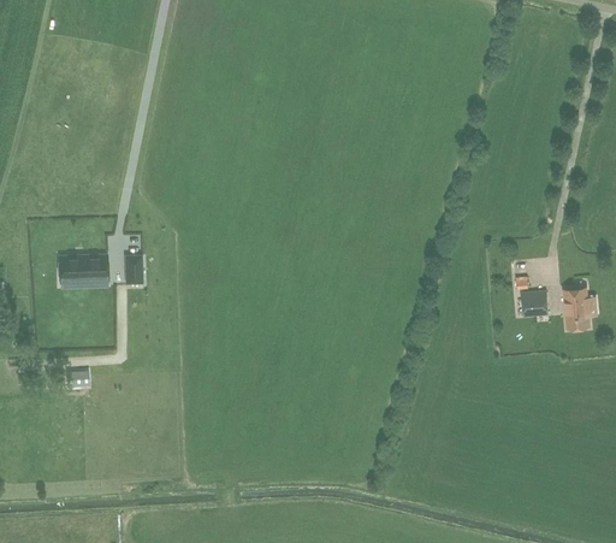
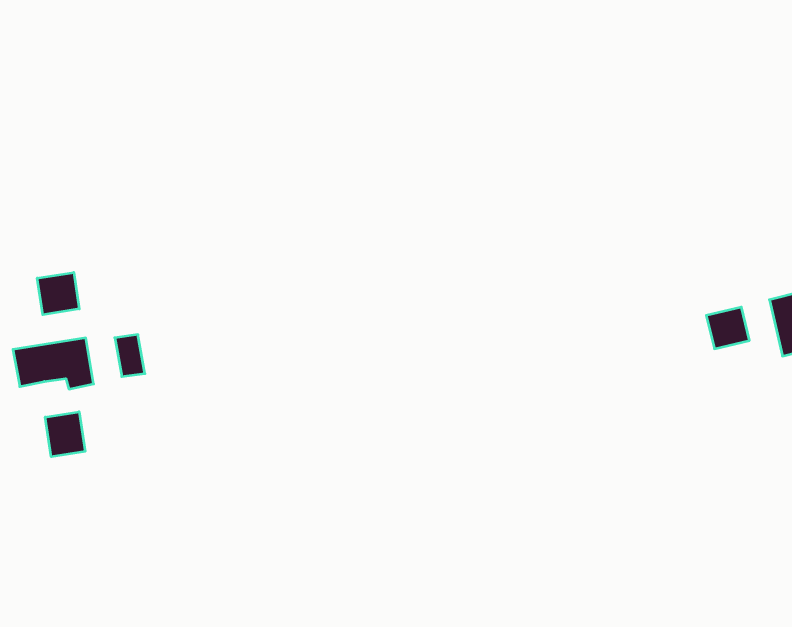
building: none -> [37,272,79,315]
building: none -> [45,412,85,457]

